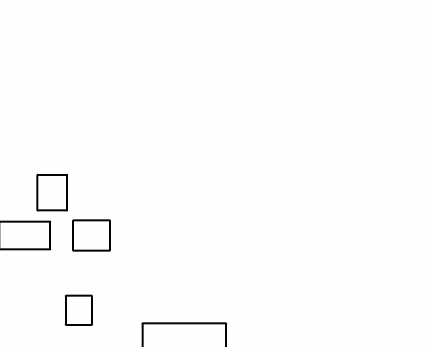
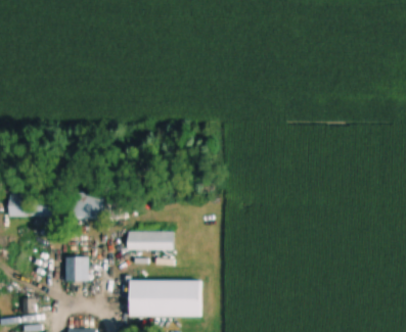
building: [38,175,67,211] -> none
building: none -> [126,231,173,249]

